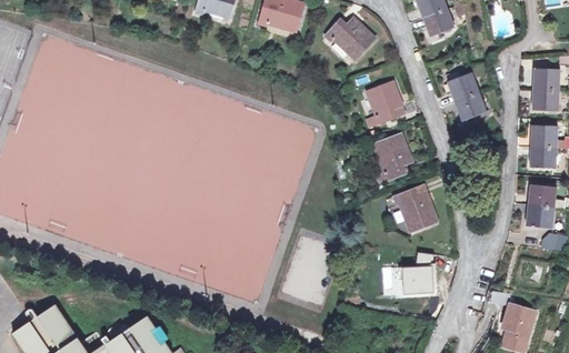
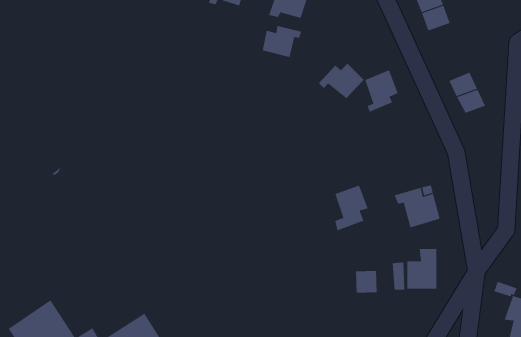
building: [326,18,371,53] -> [318,63,365,99]
building: none -> [262,25,302,58]
building: [375,133,408,179] -> [335,185,369,231]
building: none -> [355,270,377,294]

